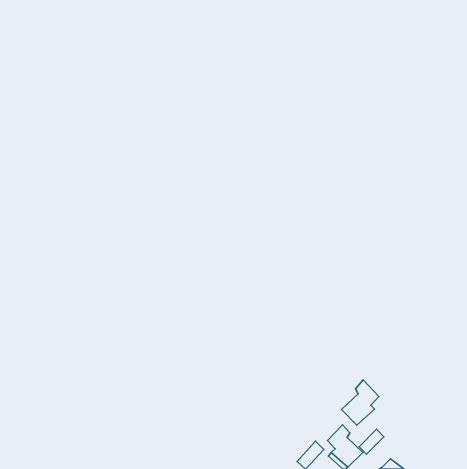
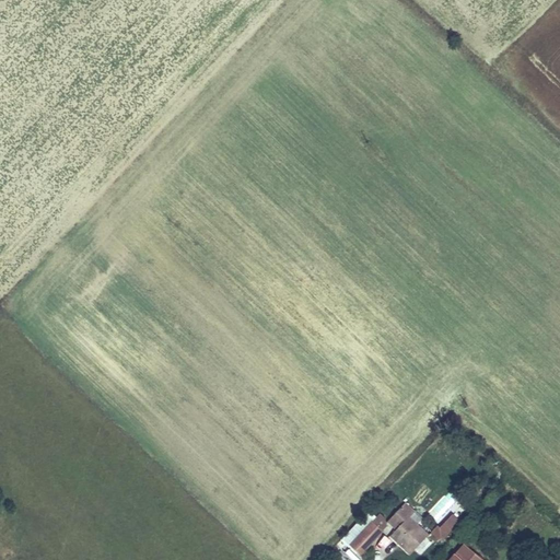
building: [341,380,379,425] -> none

